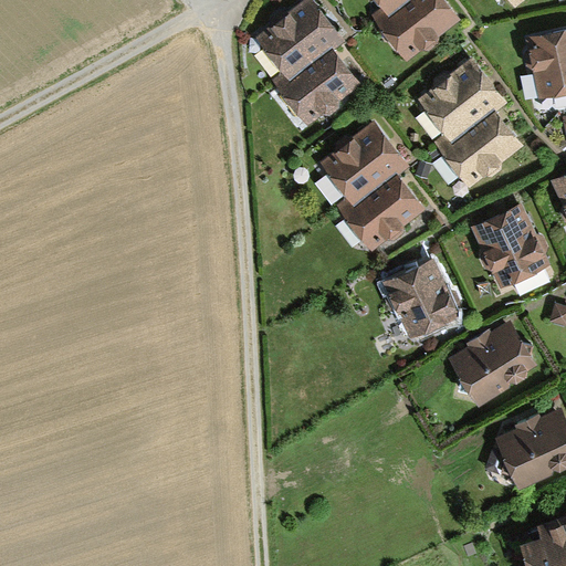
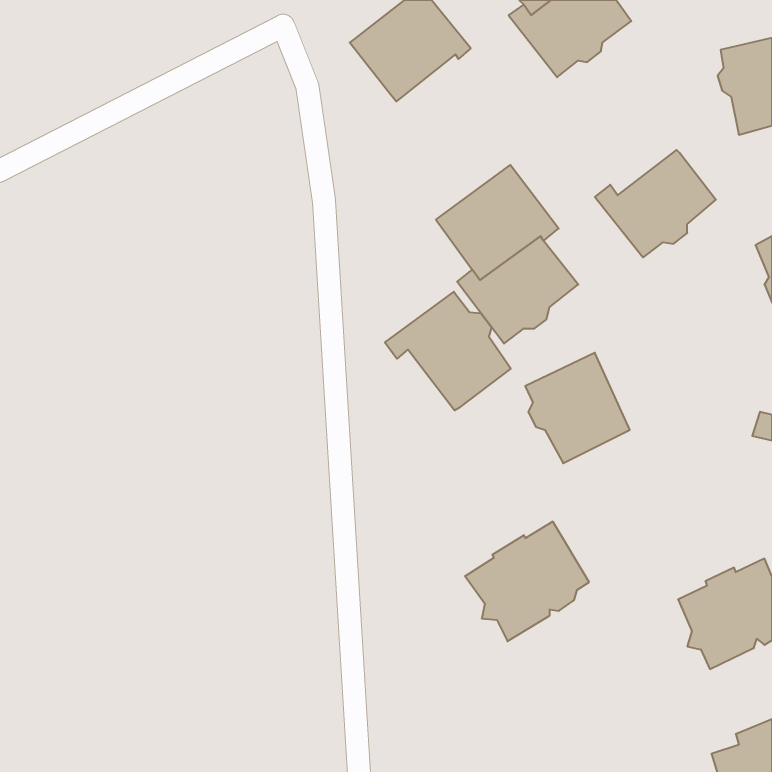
building: [273,41,360,122] -> none
building: [418,59,507,144] -> none
building: [472,205,551,289] -> none
building: none -> [385,292,511,410]
building: [447,323,537,410] -> [465,522,589,641]

